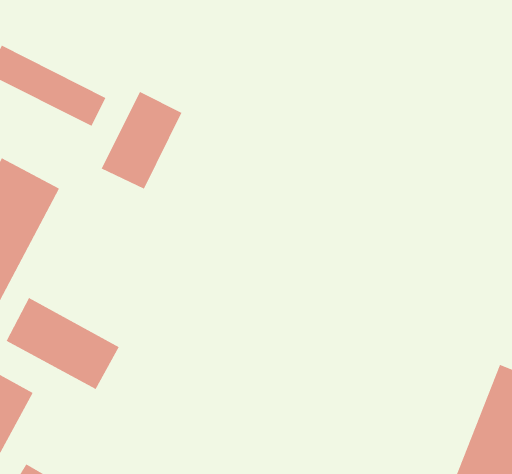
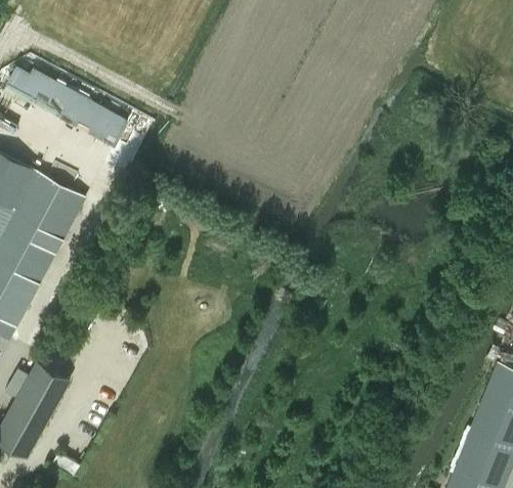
building: [101,91,182,189] -> none
building: [6,297,119,390] -> none

